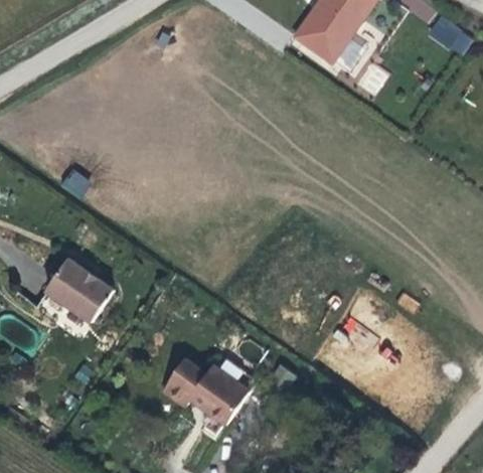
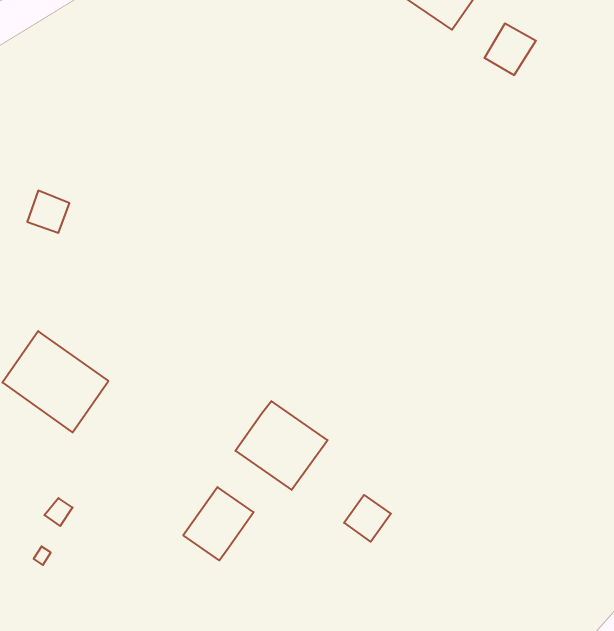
building: [188,366,248,424] -> [235,401,328,490]

